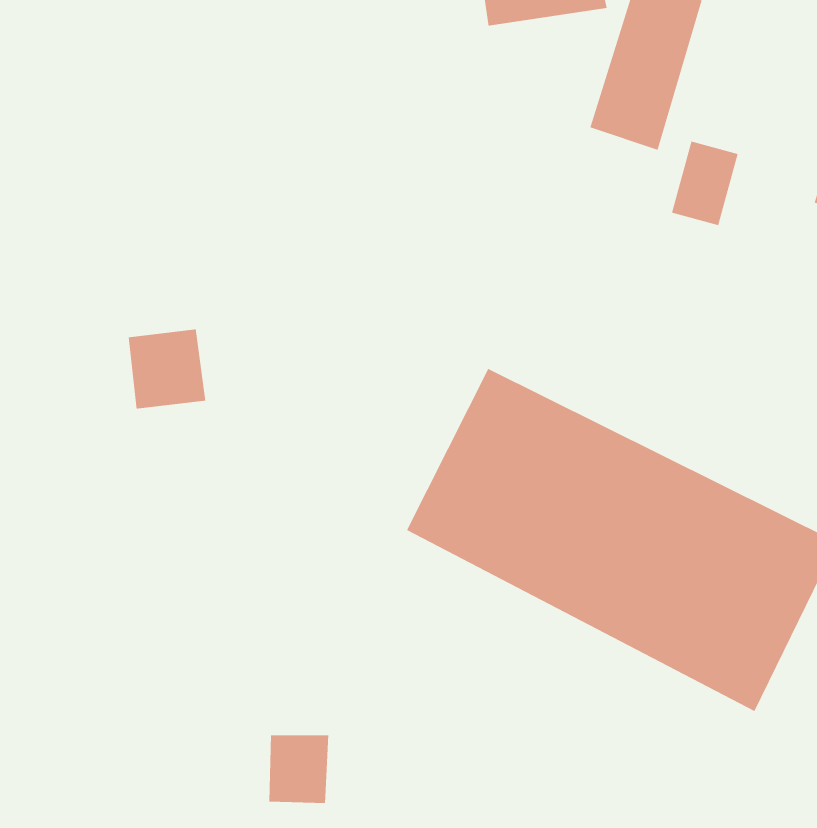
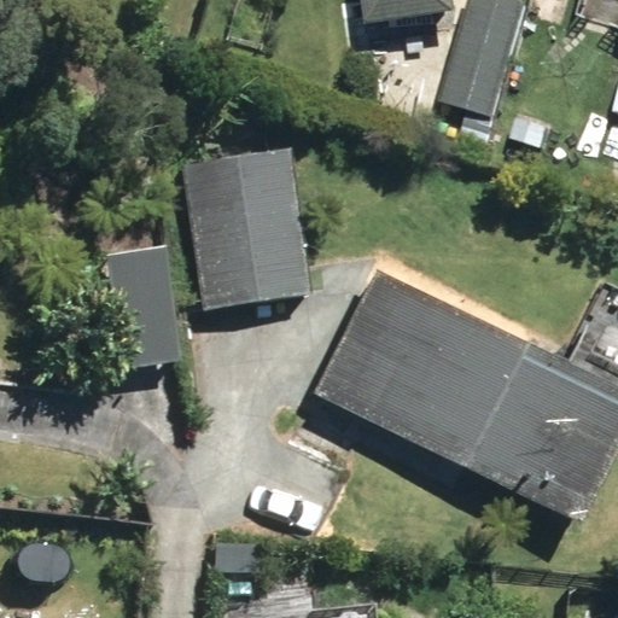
building: none -> [180,148,311,305]

